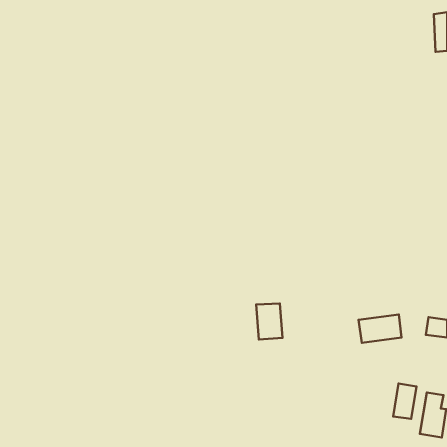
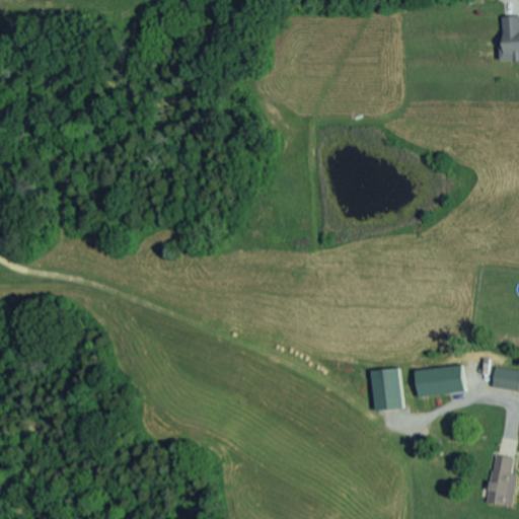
building: [256,304,283,340] -> [372,369,402,411]
building: [393,383,416,419] -> none

